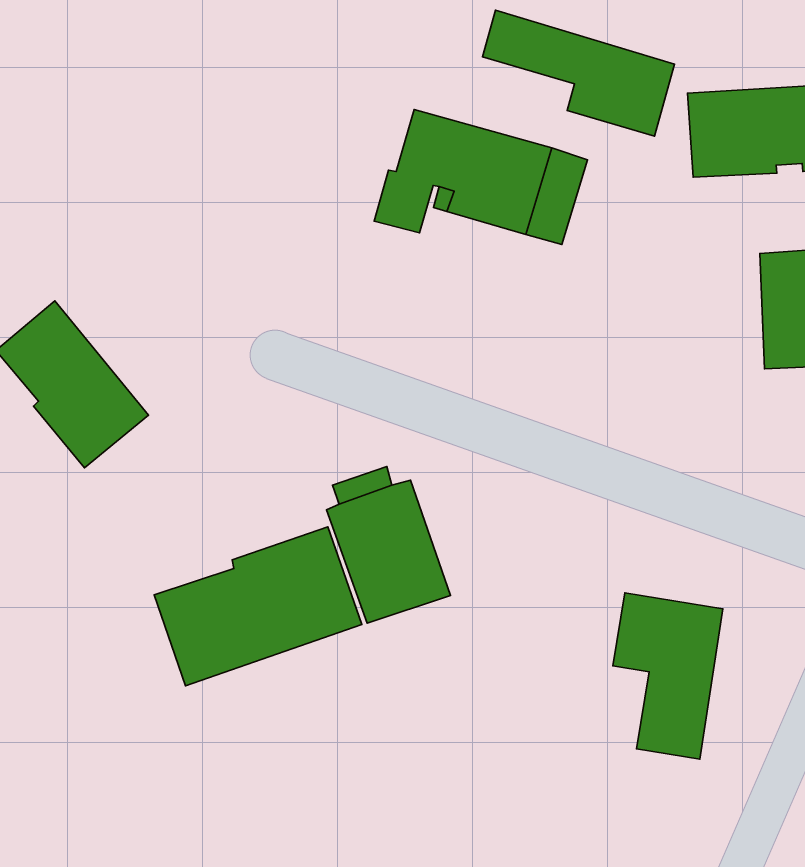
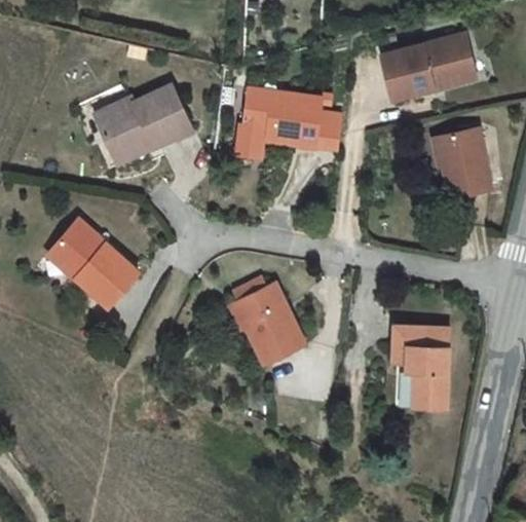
building: [483,10,675,136] -> none
building: none -> [95,83,191,150]
building: [154,527,362,686] -> none

